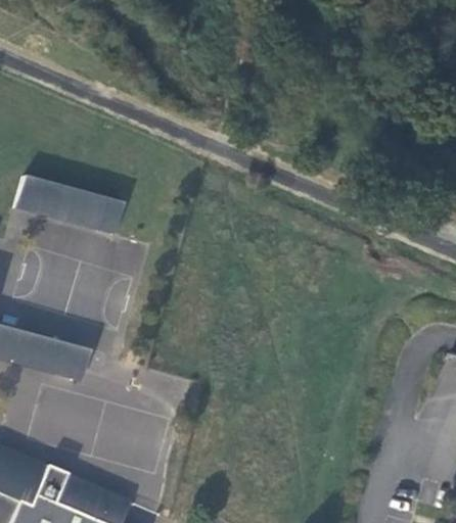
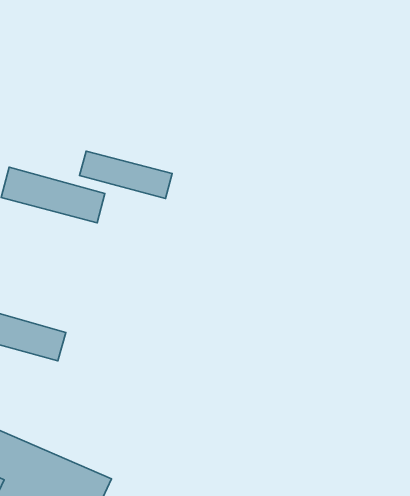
building: none -> [80,151,172,198]

